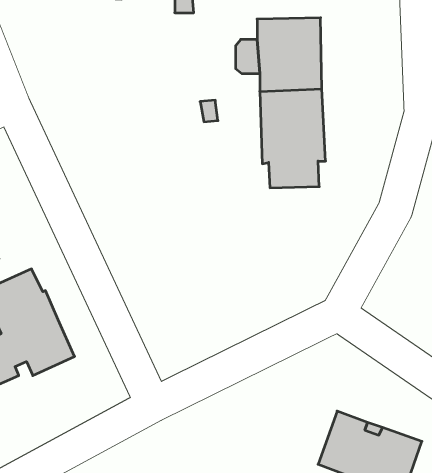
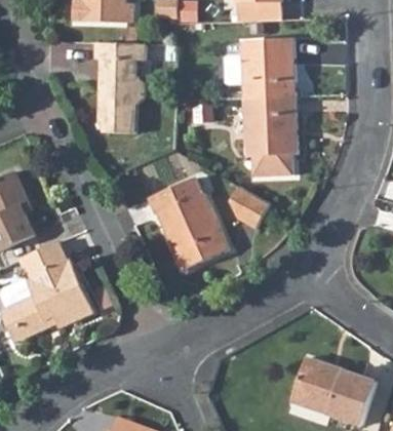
building: none -> [95,42,146,134]
building: none -> [149,179,228,270]
building: none -> [231,188,271,231]

